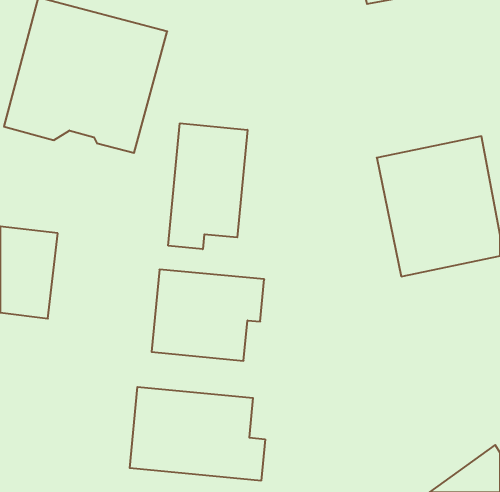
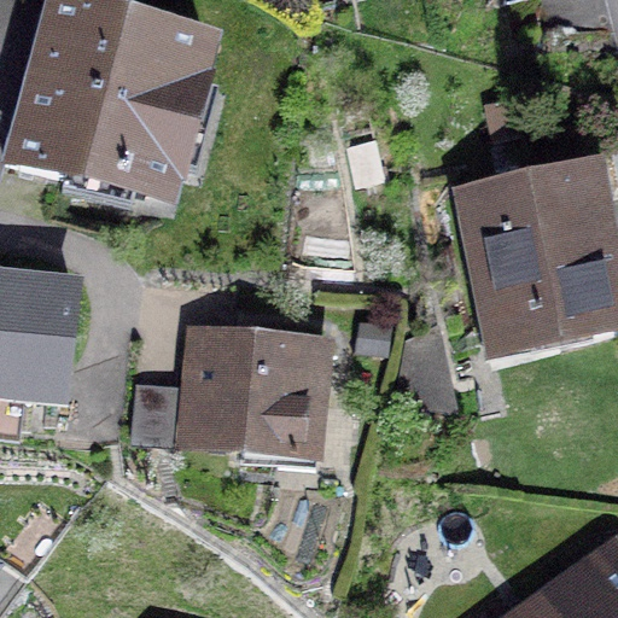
building: [168,123,247,249] -> none
building: [130,387,265,481] -> none

